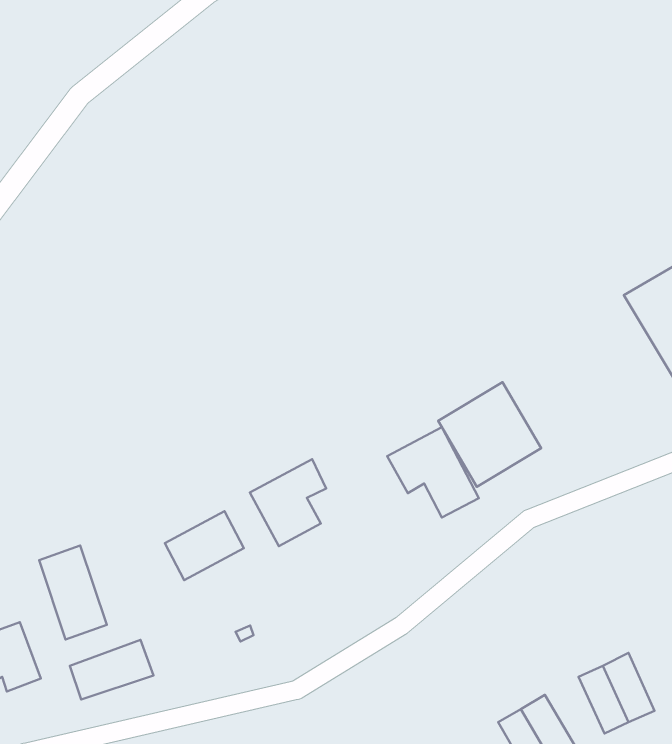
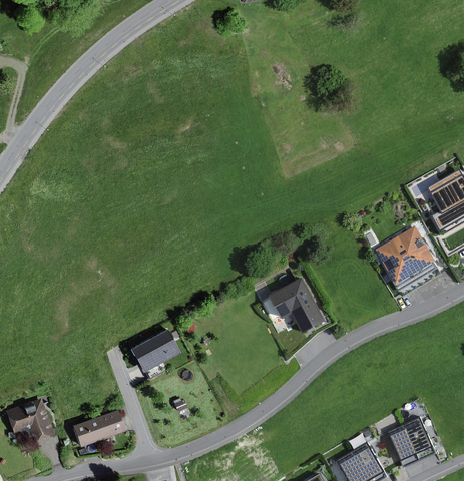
building: [438,382,541,487] -> [375,225,439,291]
building: [250,459,326,546] -> none
building: [39,546,107,639] -> none

